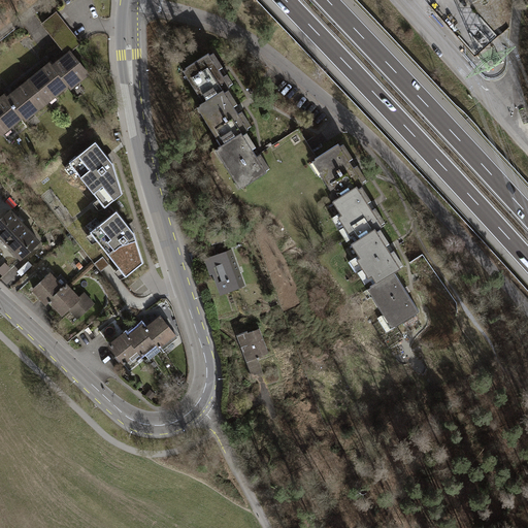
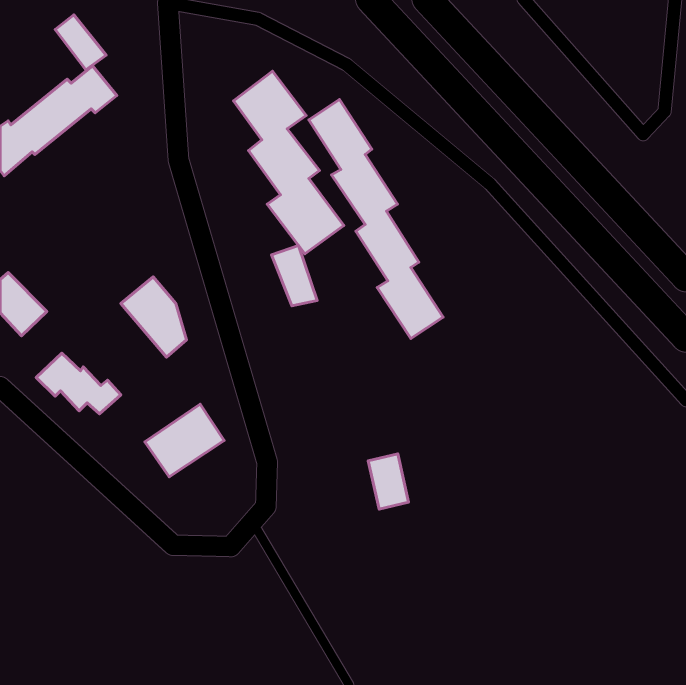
building: [69,141,123,207] -> none
building: [315,143,418,327] -> [309,100,443,339]
building: [208,243,243,290] -> [272,245,317,306]
building: [237,326,268,368] -> [368,454,409,509]

